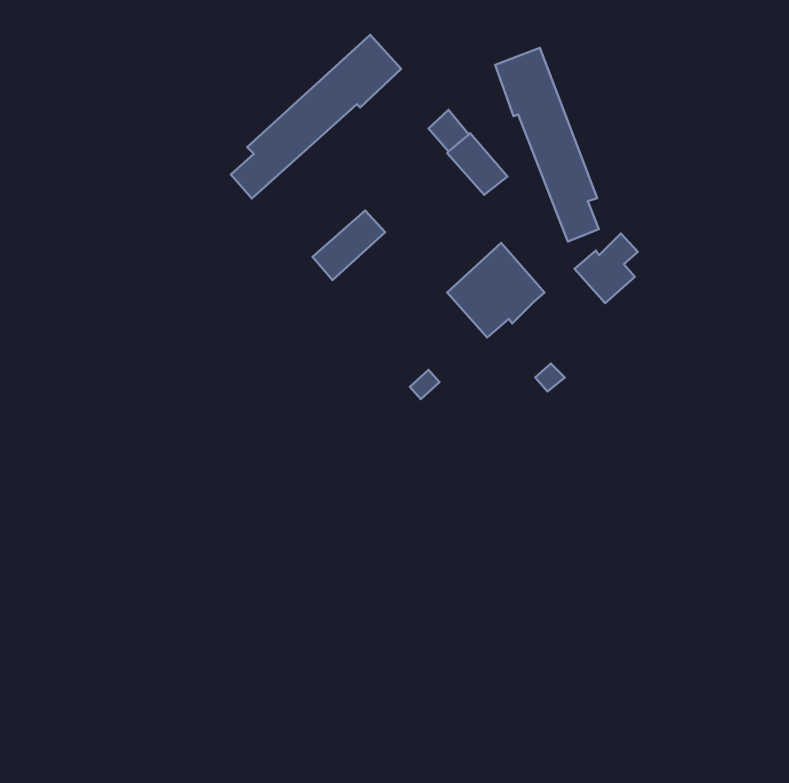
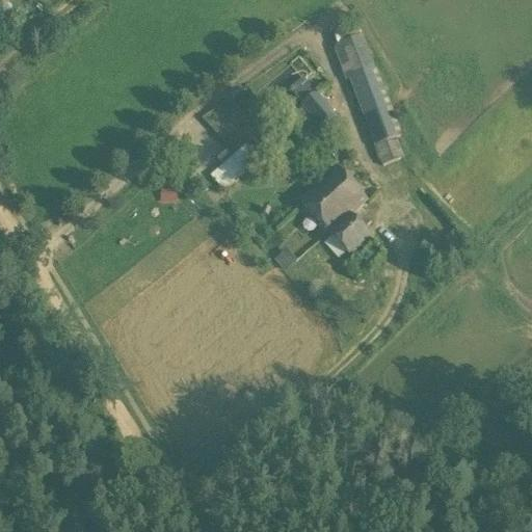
building: [231,35,401,198] -> none
building: [574,233,638,303] -> [327,203,370,249]

